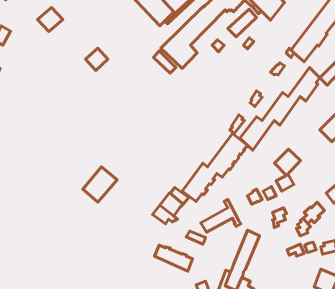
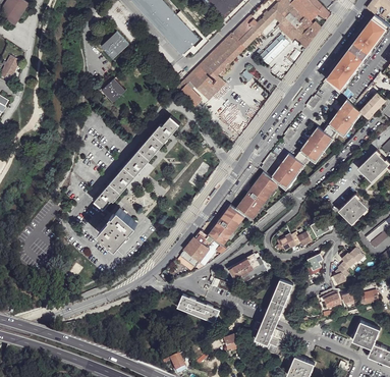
building: [38,7,63,32] -> [102,33,129,59]
building: none -> [95,116,180,209]
building: [274,149,300,175] -> [340,195,369,223]

